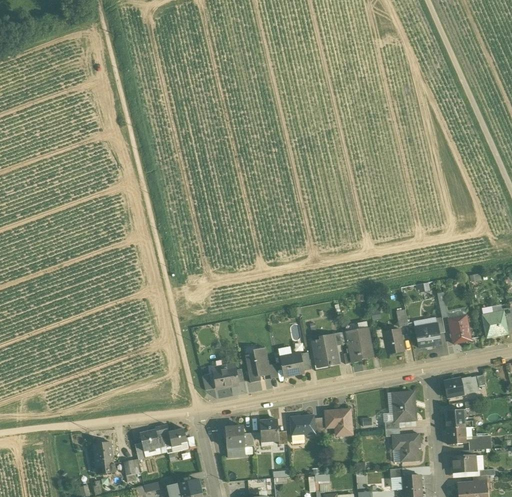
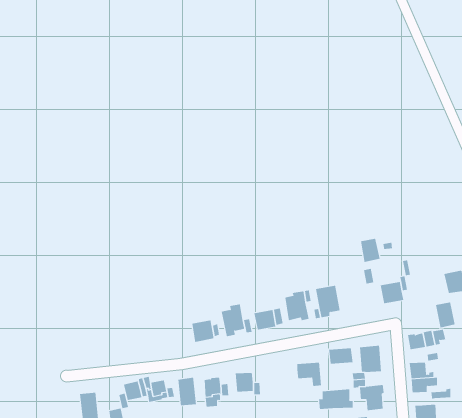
building: [448,315,470,343] -> [435,302,456,328]
building: [382,328,404,354] -> [360,238,381,263]
building: none -> [329,347,353,365]
building: [290,415,315,435] -> none
building: none -> [178,377,196,406]
building: none -> [319,389,353,410]

